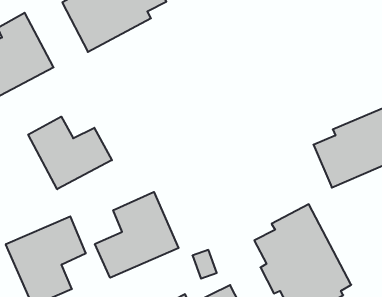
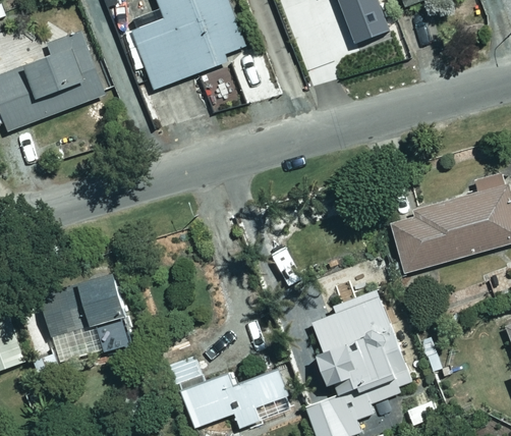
building: [28,117,112,189] -> none
building: [95,192,179,278] -> none

